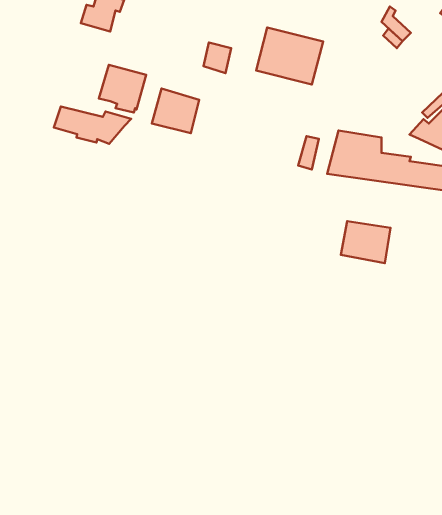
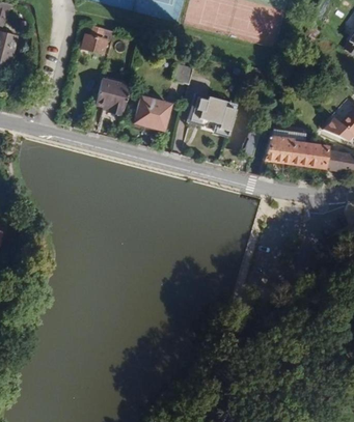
building: [256,27,323,85] -> [187,93,237,136]
building: [54,107,131,144] -> none
building: [341,221,390,263] -> none

